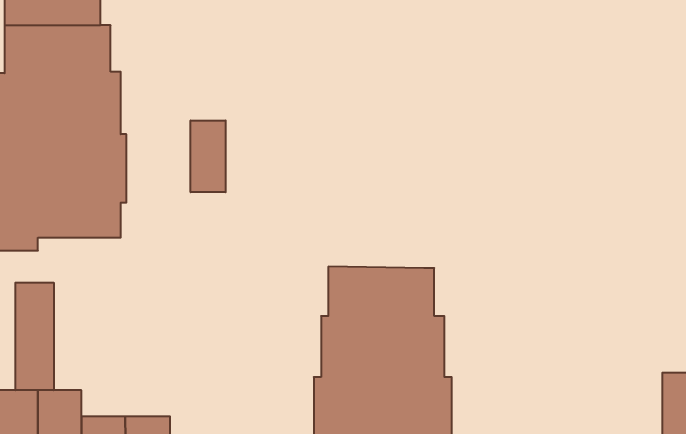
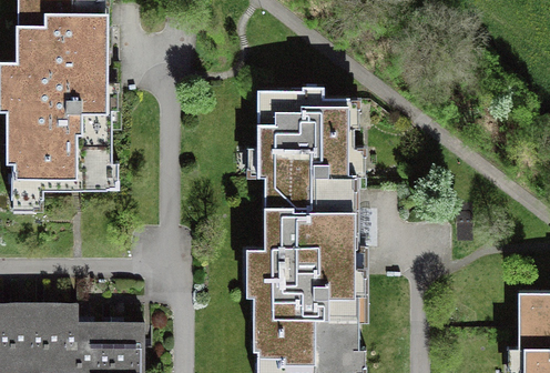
building: none -> [259,88,356,213]
building: [191,120,226,192] -> none
building: [15,283,54,390] -> none

